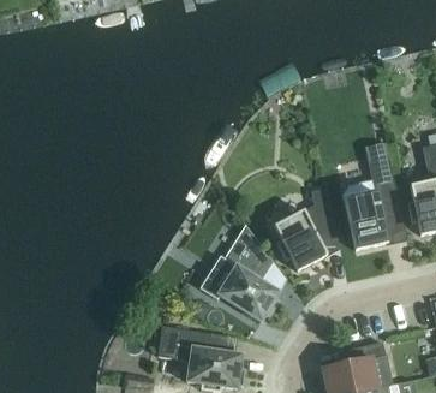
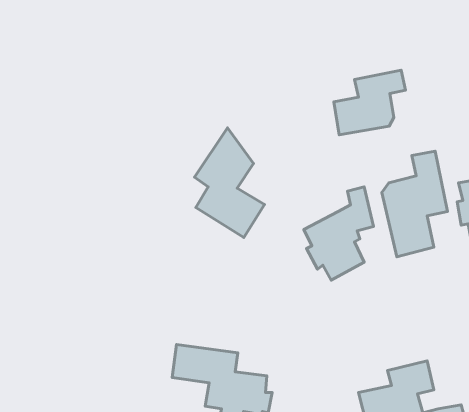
building: none -> [334,70,406,135]
building: [217,226,279,322] -> [195,128,264,238]

